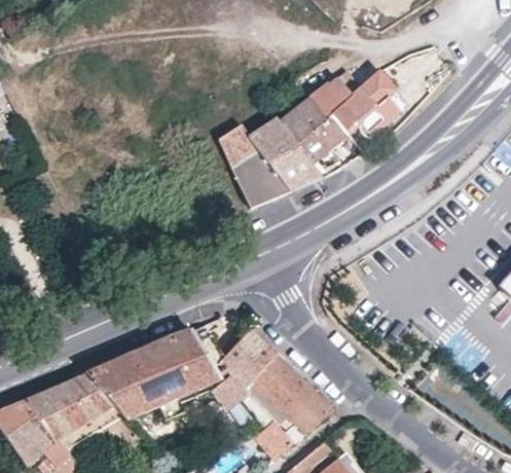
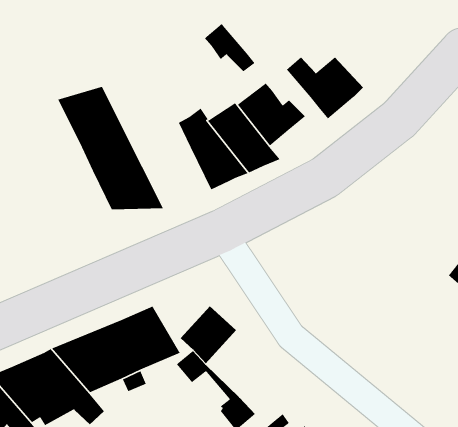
building: [305,83,359,134] -> [204,23,256,72]
building: none -> [57,86,164,210]
building: [244,354,333,434] -> none

